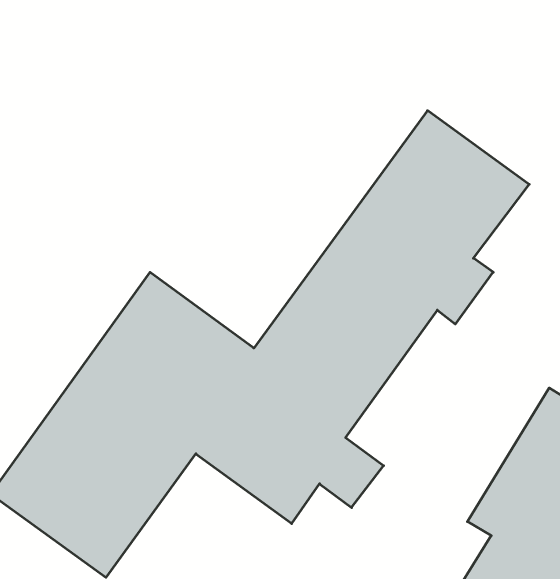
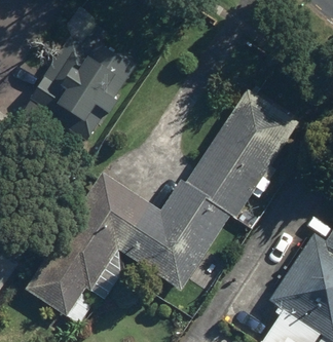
building: none -> [35,34,138,136]

